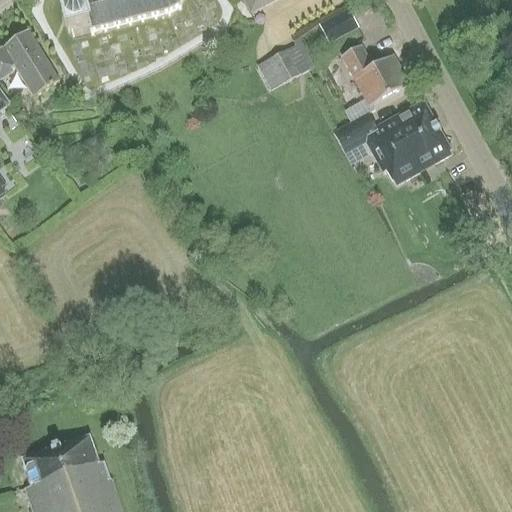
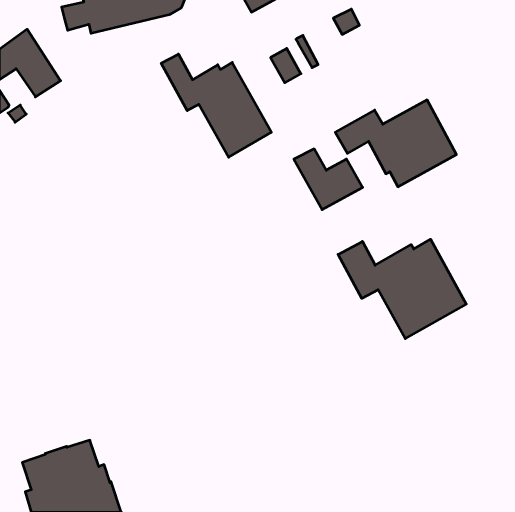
building: [341,45,409,105] -> [294,149,363,210]
building: none -> [161,54,271,157]
building: none -> [338,239,466,339]

